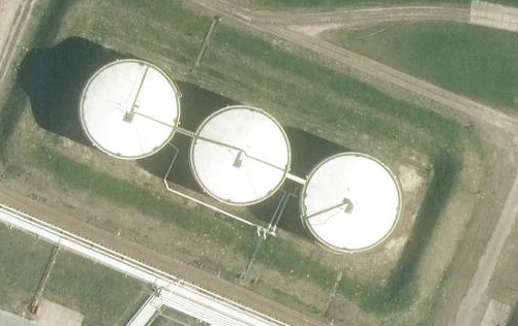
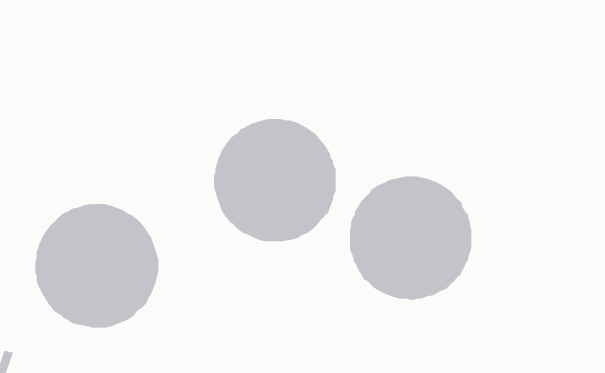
building: [79,59,180,160] -> [35,204,159,328]

